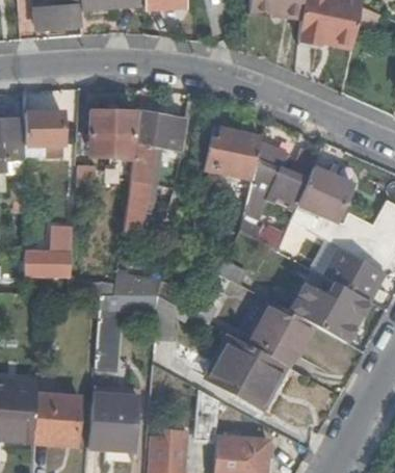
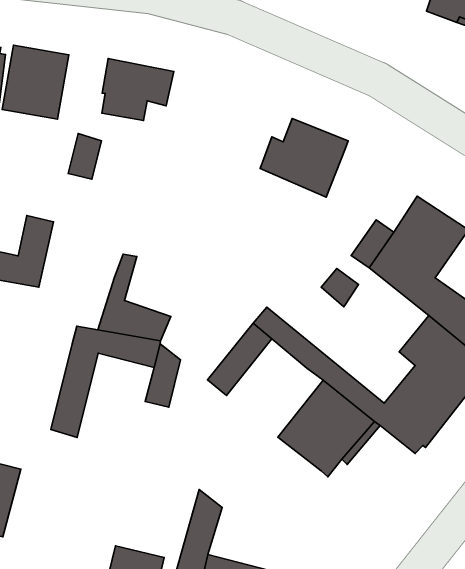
building: [124,112,185,234] -> none
building: [248,142,287,203] -> none
building: [207,335,282,405] -> none
building: [88,390,137,450] -> none

